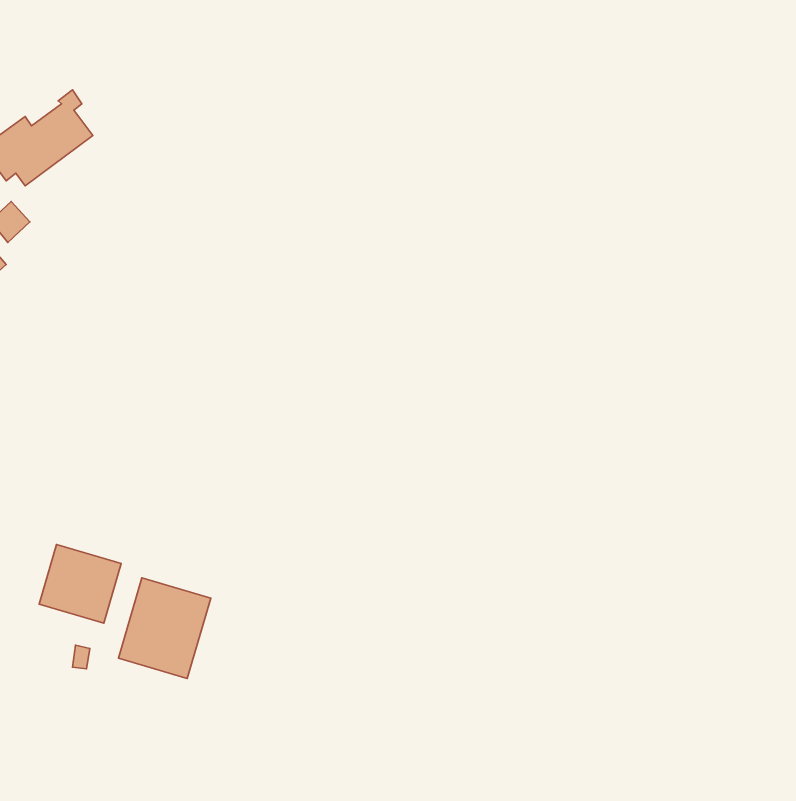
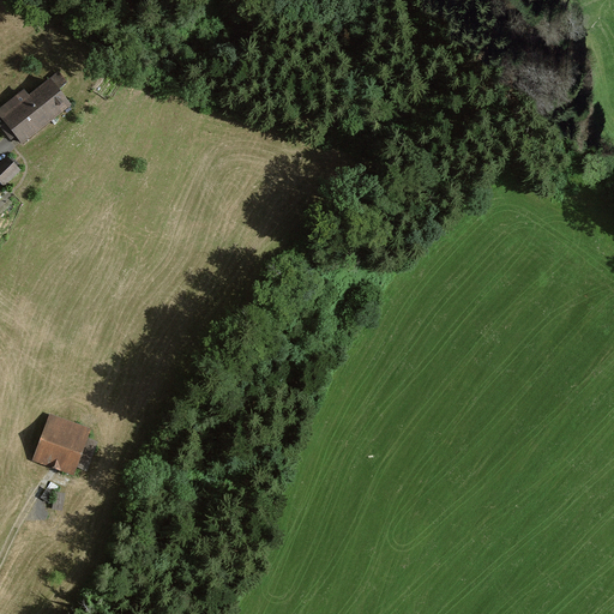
building: [118,578,211,678] -> none

